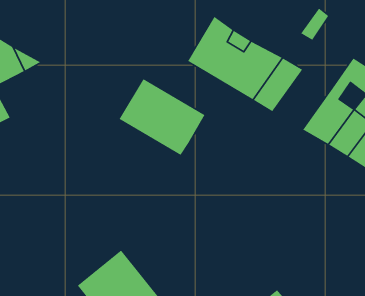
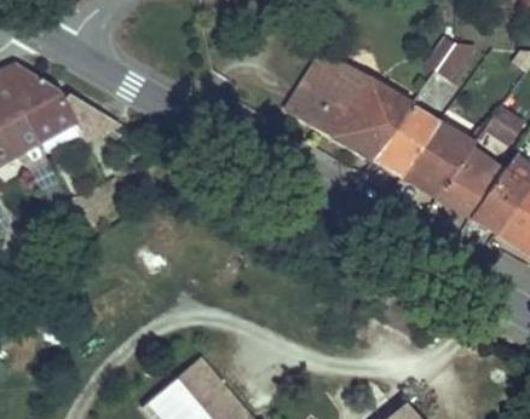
building: none -> [399,120,477,199]
building: [119,78,205,156] -> none

